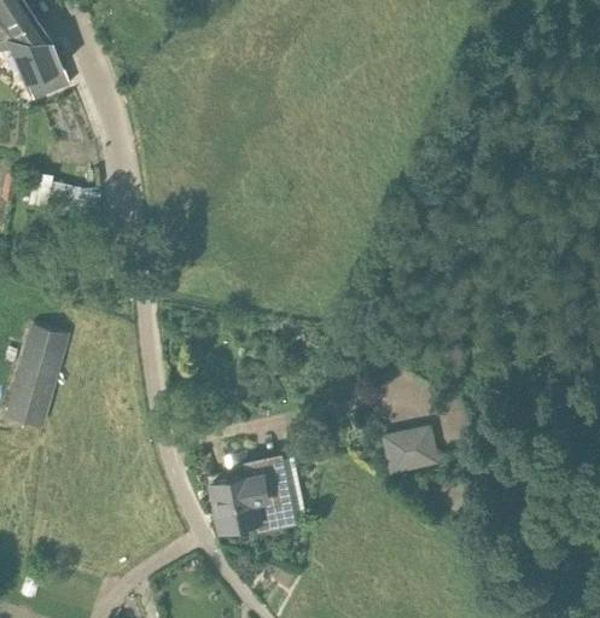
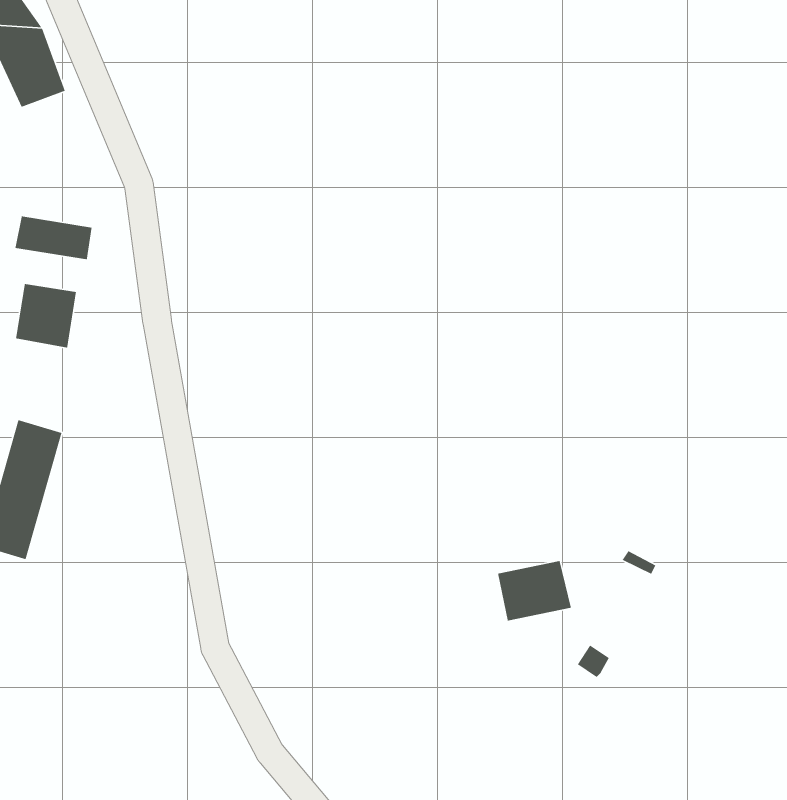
building: none -> [15,283,77,349]
building: [211,456,292,526] -> none

